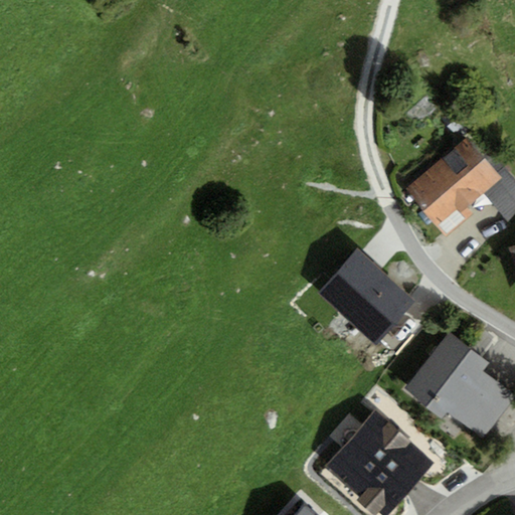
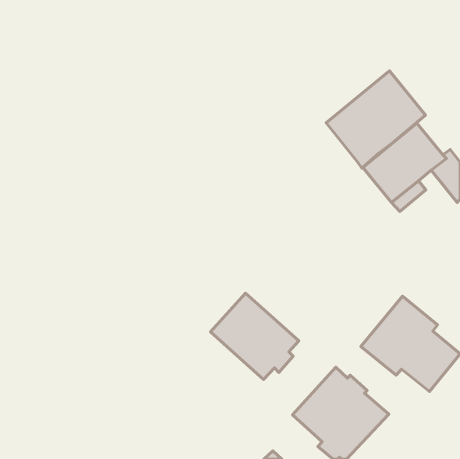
building: none -> [326,71,426,168]
building: [317,247,415,344] -> [210,293,299,380]

